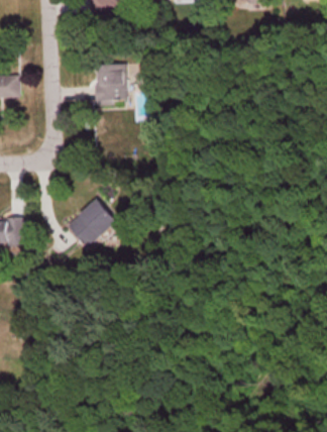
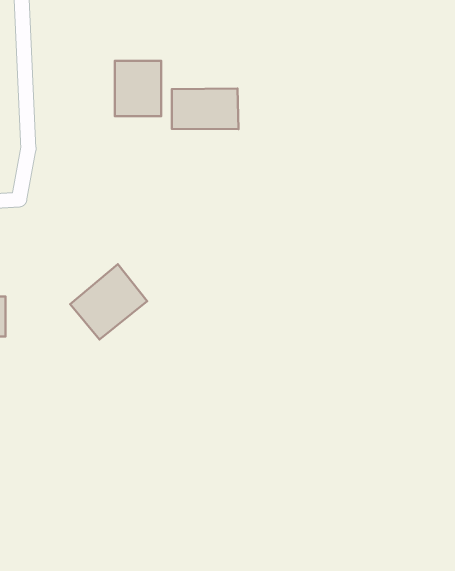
building: none -> [172,89,238,129]

